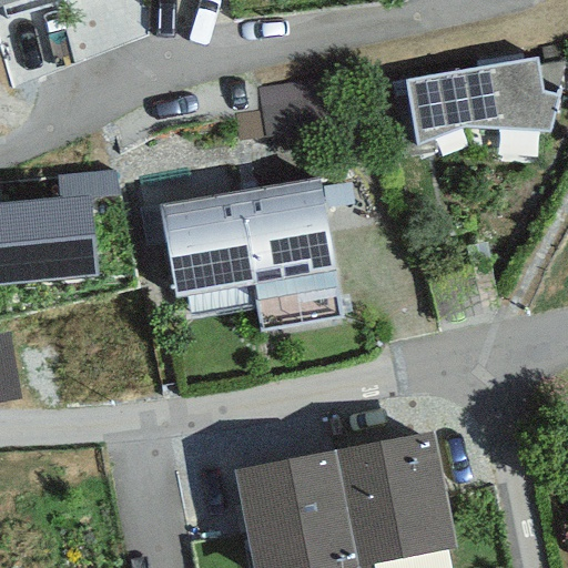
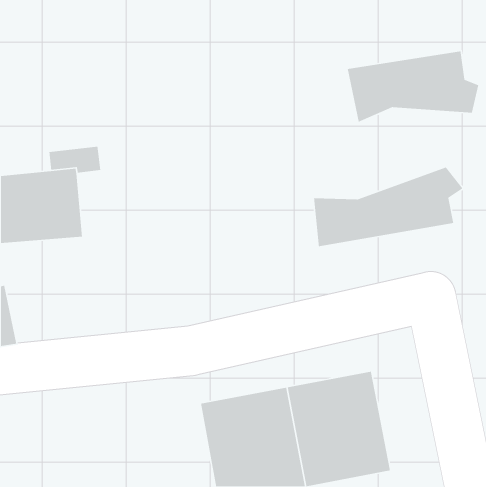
building: [159,179,344,334] -> none
building: none -> [313,167,463,247]

